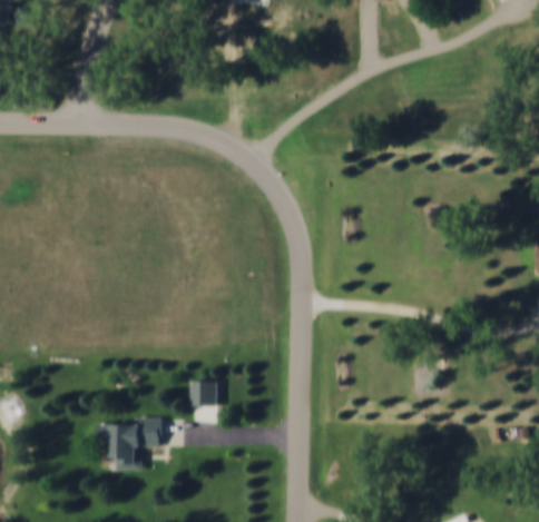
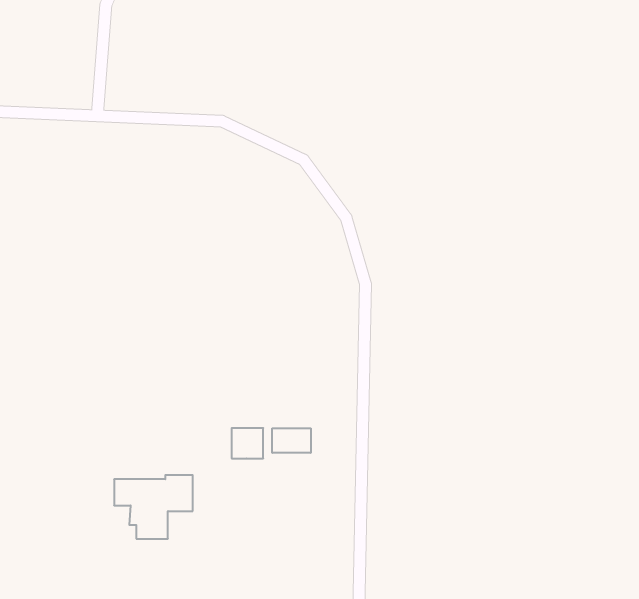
building: none -> [272,428,311,453]

